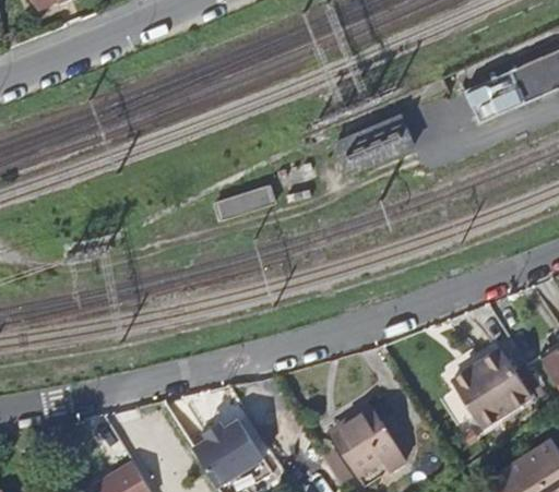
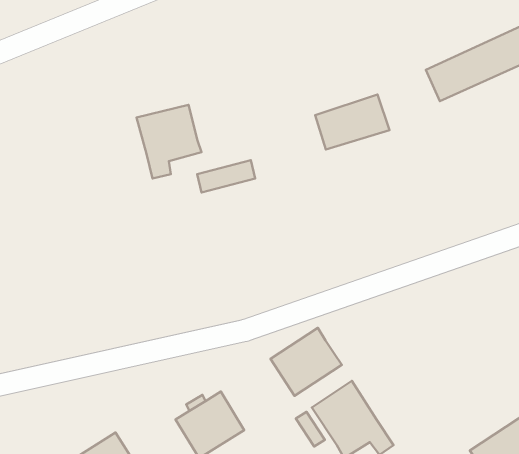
building: none -> [137,105,201,178]
building: [454,348,533,427] -> none
building: none -> [270,328,342,396]

